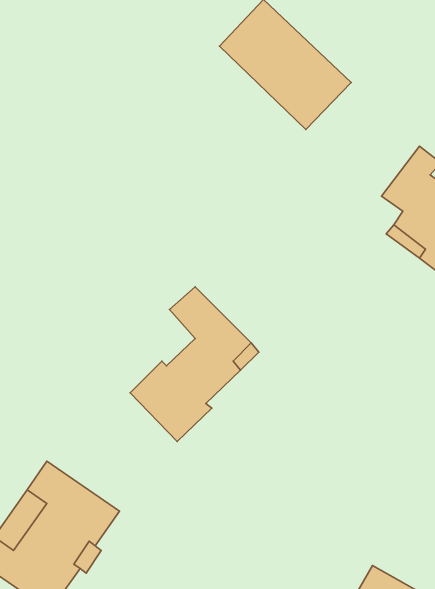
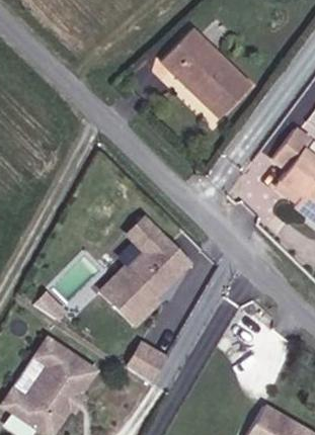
building: none -> [127,342,166,381]

